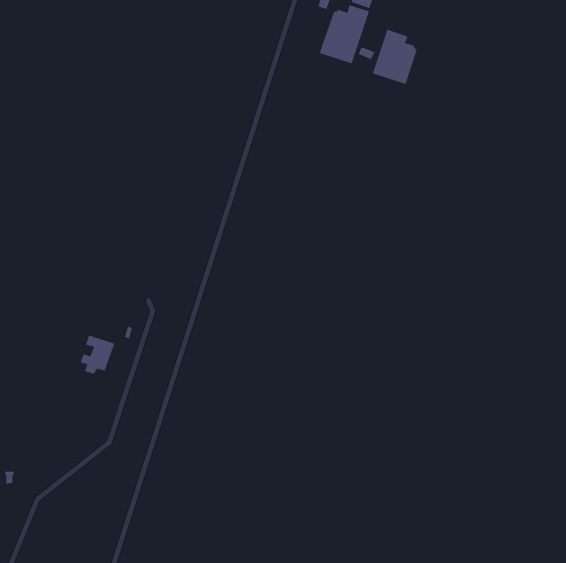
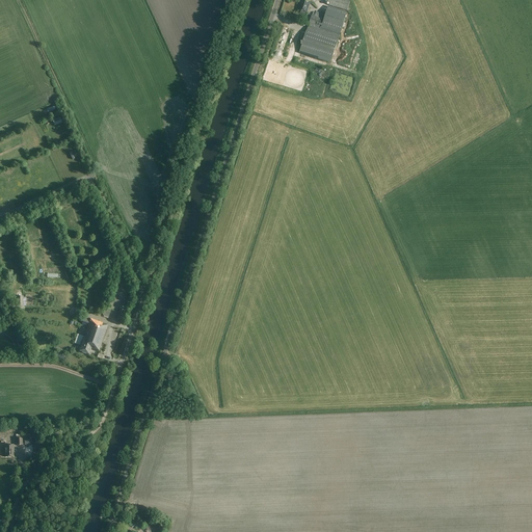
building: [372,29,417,85] -> none

